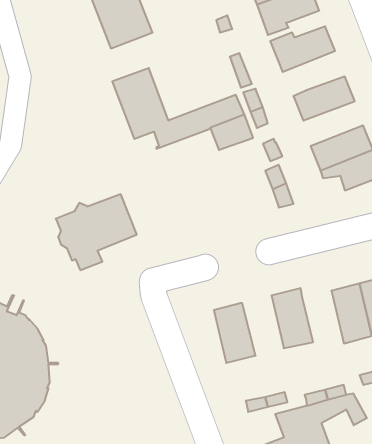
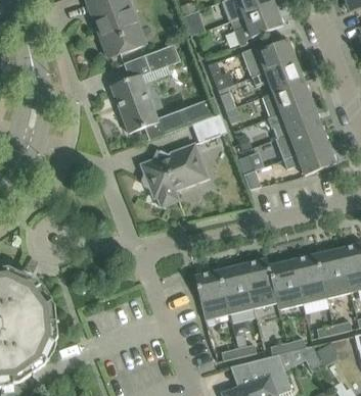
building: none -> [143,43,180,71]
building: none -> [252,59,304,92]
building: none -> [267,101,319,138]
building: [56,194,137,270] -> [140,143,208,206]
building: none -> [268,259,303,309]
building: none -> [218,263,253,313]

